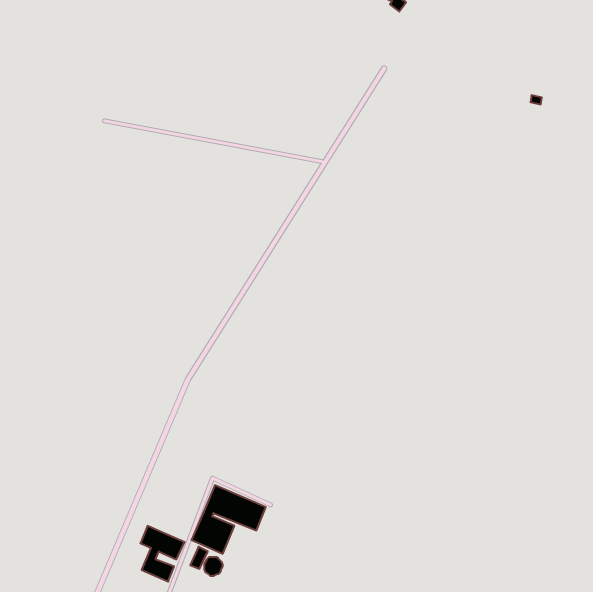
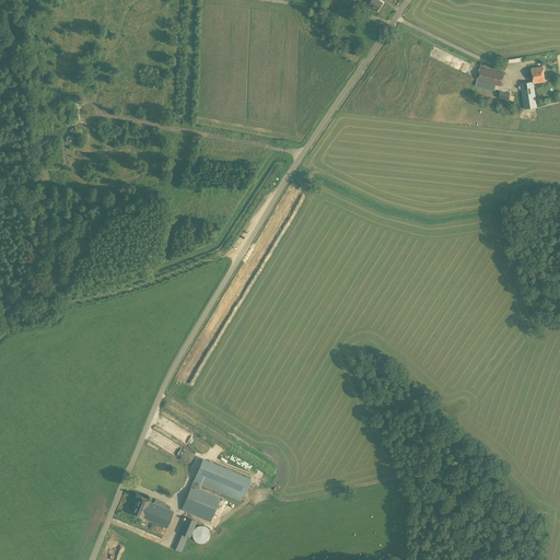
building: none -> [521,66,545,108]
building: none -> [476,67,504,90]

